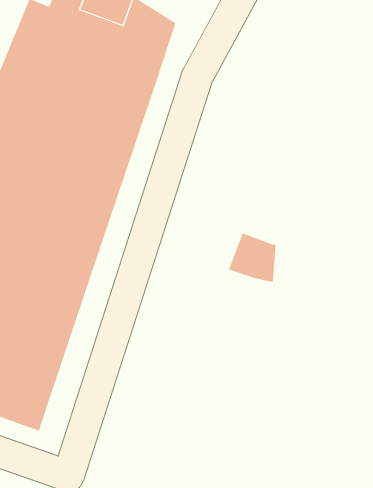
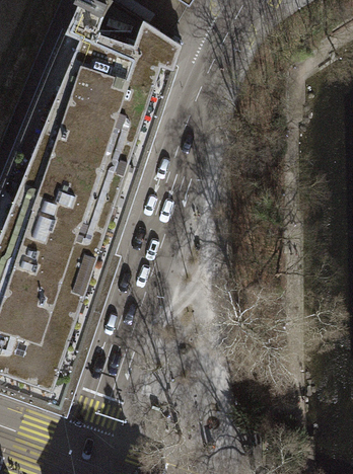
building: [228,233,276,283] -> none

